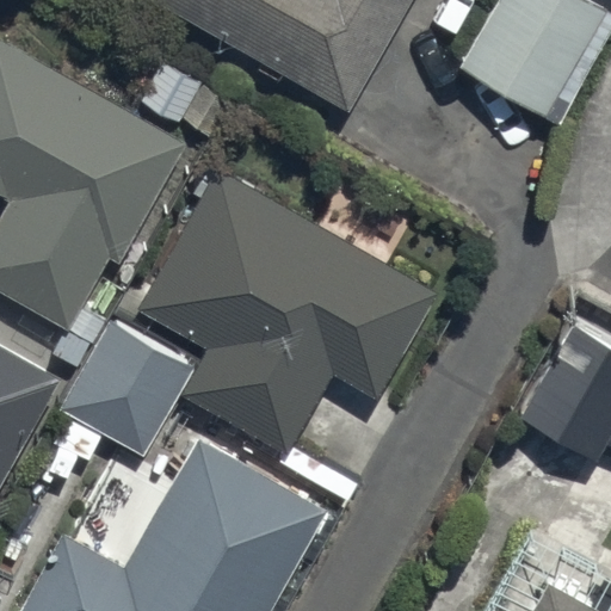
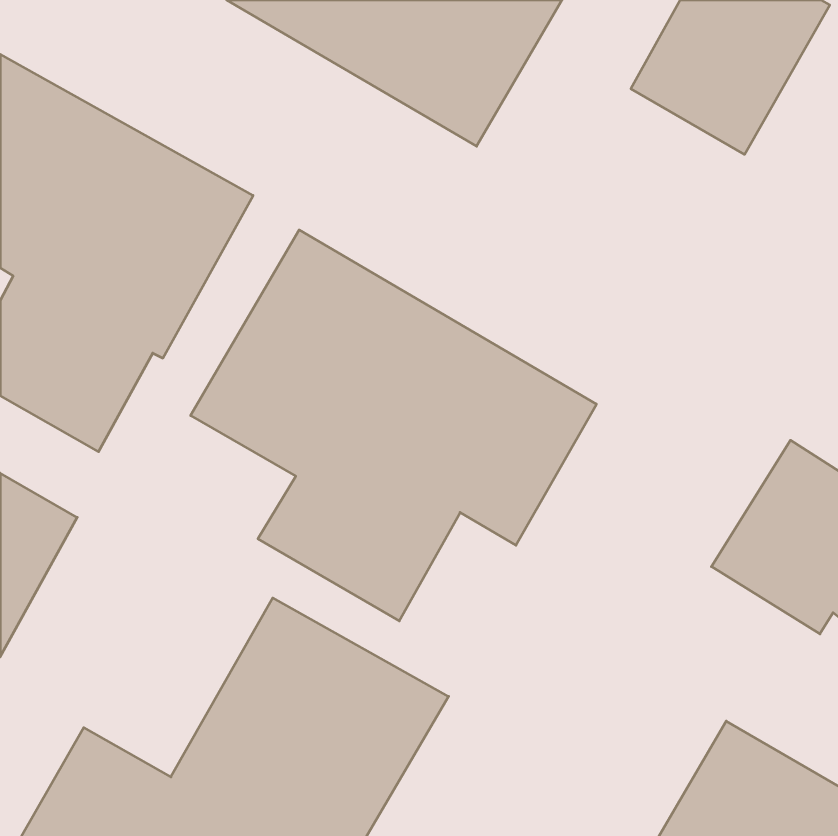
building: [62,325,192,453] -> none

